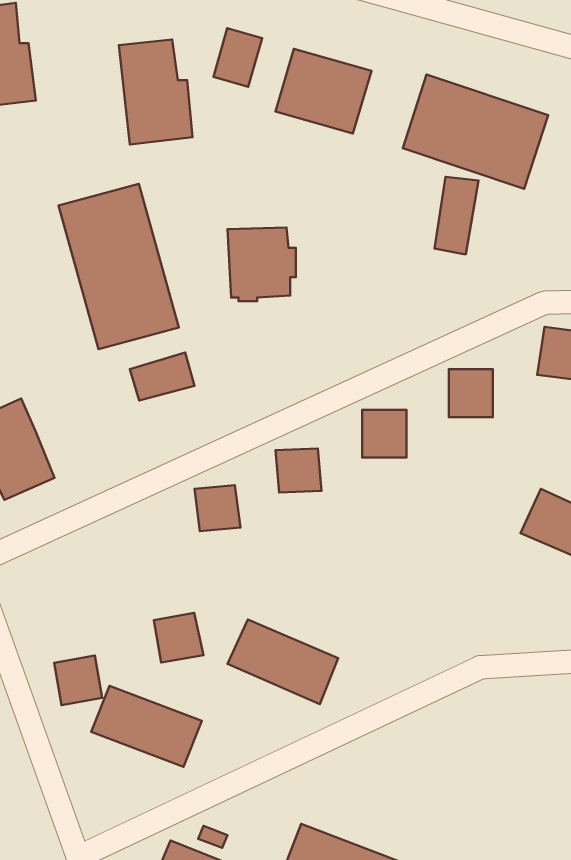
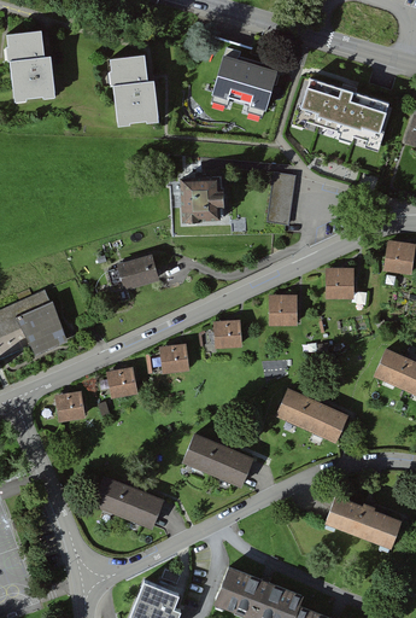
building: [213,28,262,87] -> none
building: [434,177,479,254] -> [266,174,295,225]
building: [59,184,179,349] -> none
building: none -> [275,387,348,443]
building: [154,613,203,663] -> [106,368,139,401]
building: [54,656,102,705] -> [54,392,86,425]
building: none -> [326,495,400,547]

